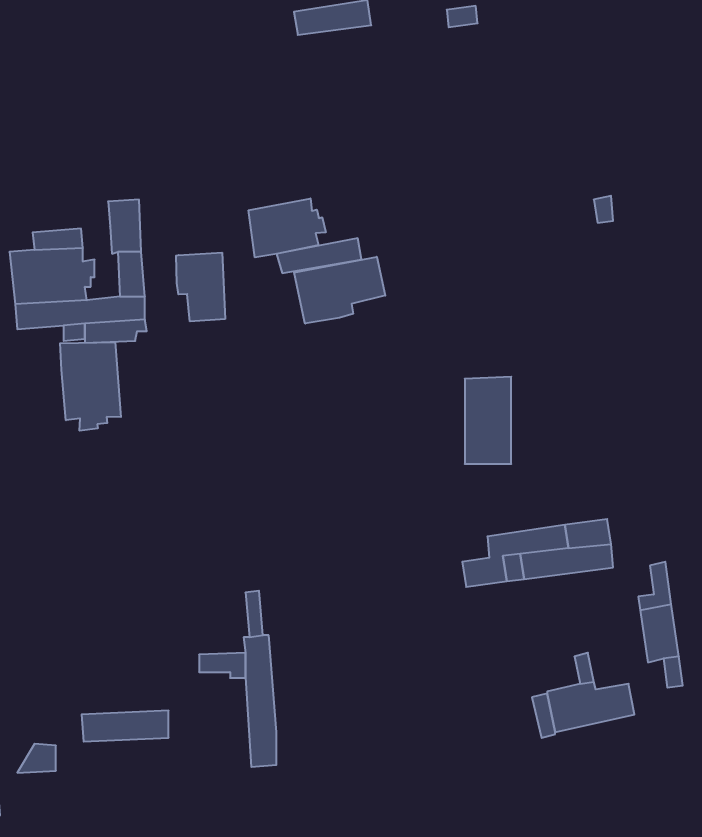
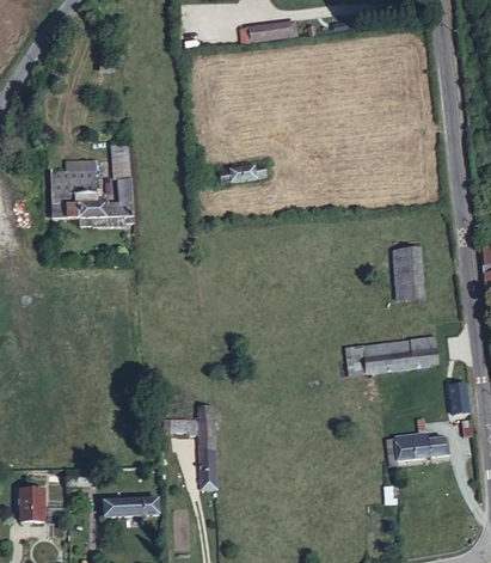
building: [249,198,326,257] -> none
building: [176,253,225,321] -> none
building: [294,257,385,324] -> none
building: [60,342,121,431] -> none
building: [465,377,511,464] -> [394,245,423,299]
building: [82,711,169,742] -> [106,496,160,515]

